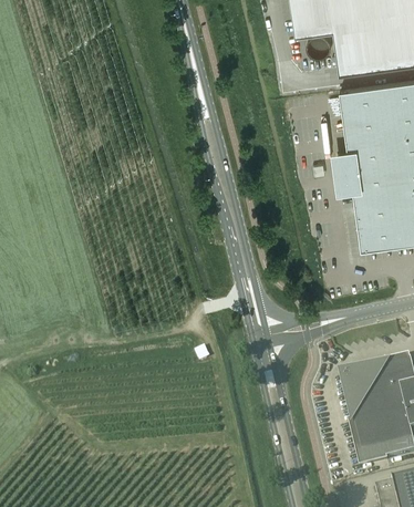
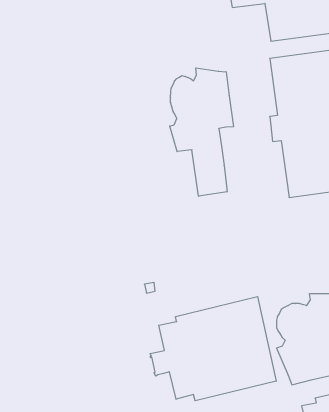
building: none -> [170,68,234,196]
building: none -> [150,297,276,401]

